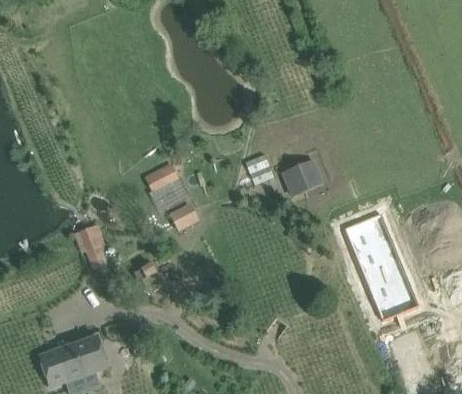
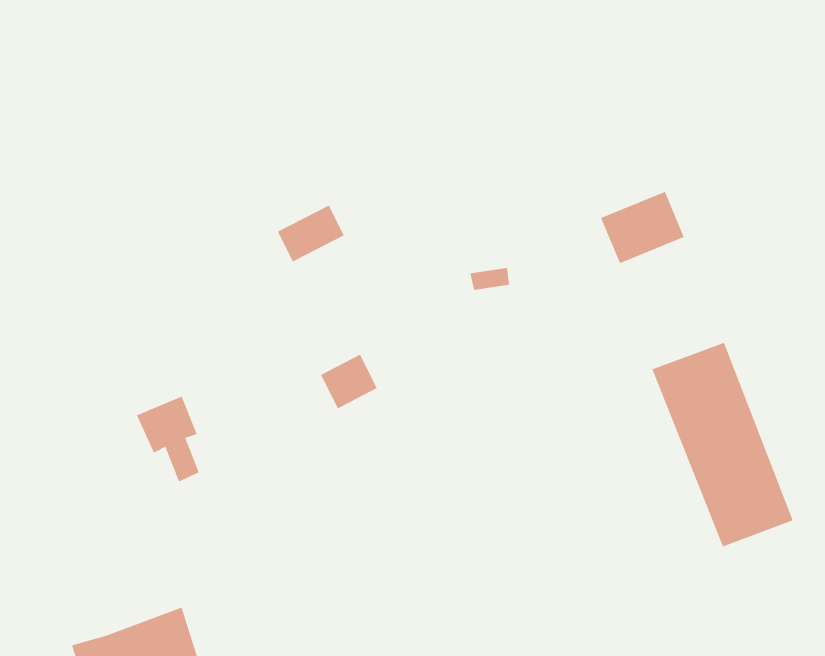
building: [280,161,324,199] -> [600,191,685,264]
building: [143,164,178,194] -> [277,205,344,262]

